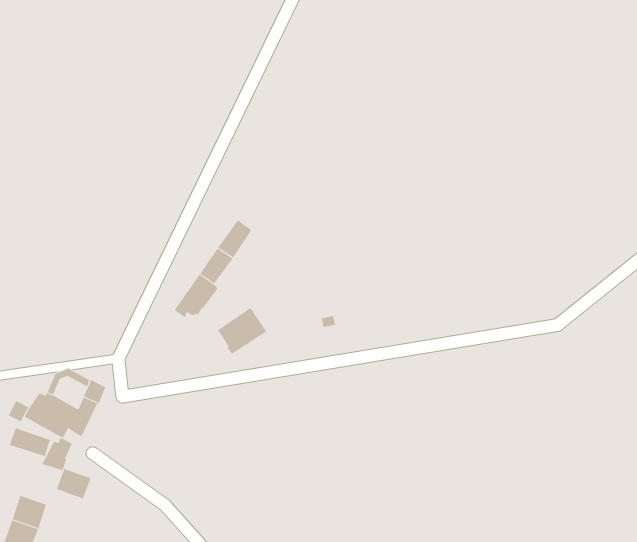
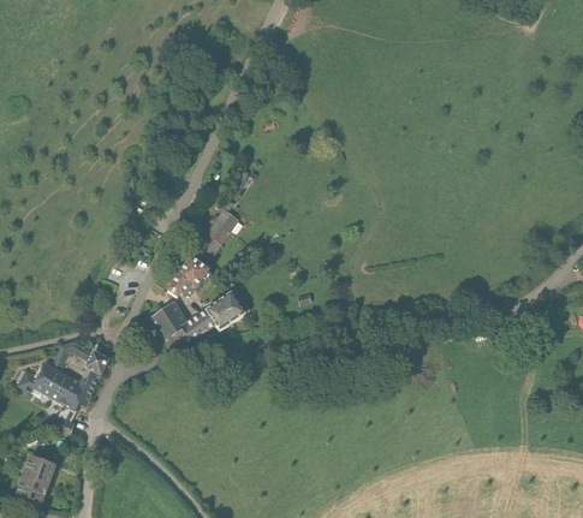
building: none -> [150,303,215,346]
building: [9,427,50,457] -> none
building: [56,468,91,499] -> none

